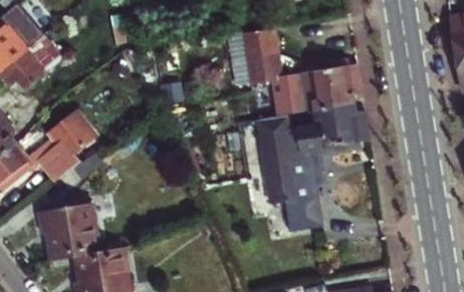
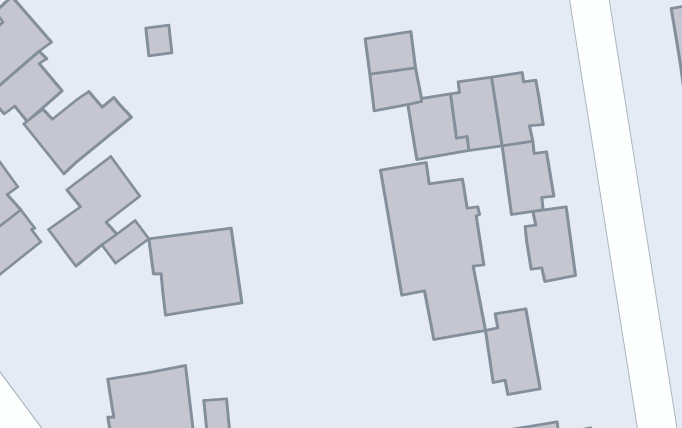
building: none -> [24,91,131,174]
building: [308,104,341,154] -> [525,207,575,282]
building: [39,205,100,262] -> [149,228,242,315]
building: none -> [485,309,540,394]

